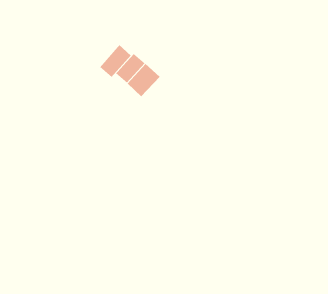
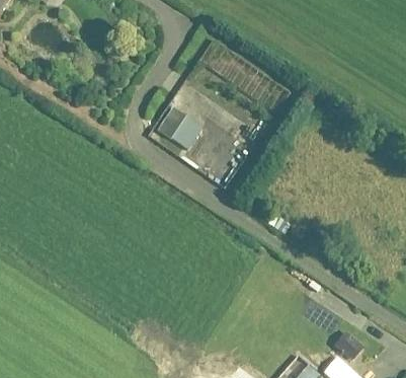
building: [99,44,132,78] -> none

